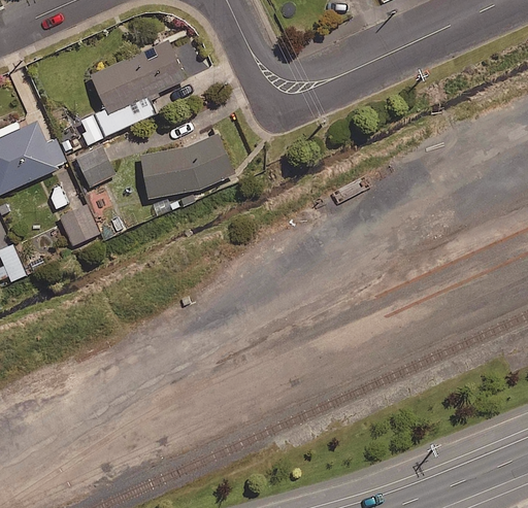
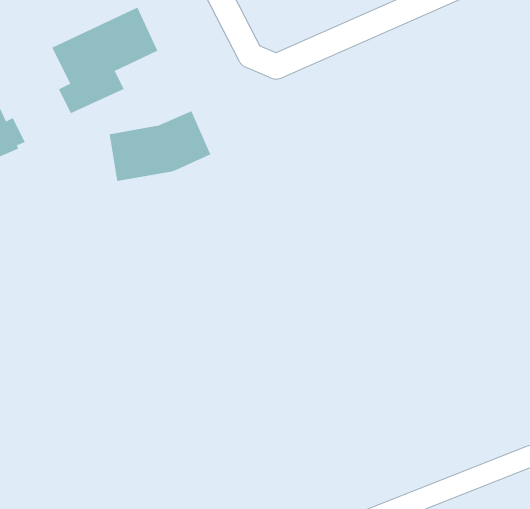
building: [79,148,118,188] -> none
building: [62,205,100,246] -> none

